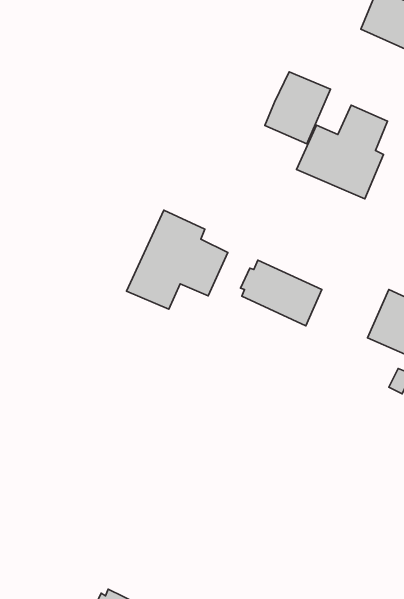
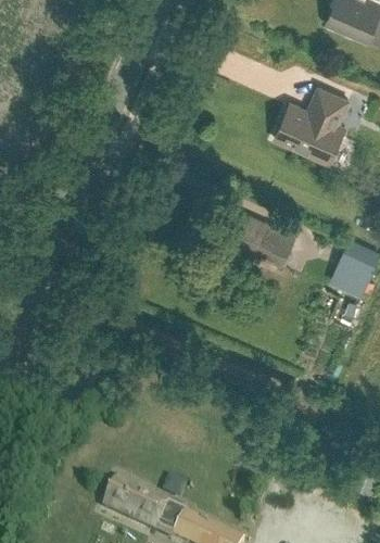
building: [265,72,331,144] -> none
building: [127,210,228,309] -> none

